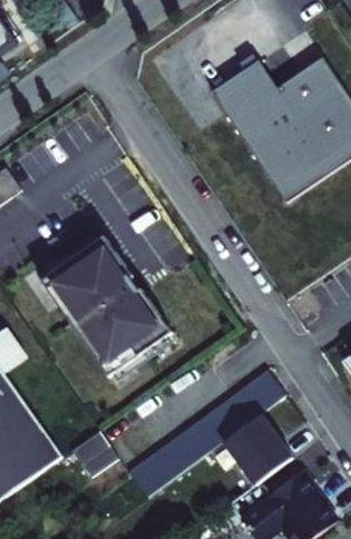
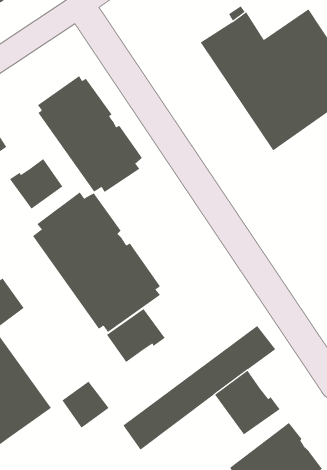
building: none -> [37,75,143,193]
building: none -> [9,158,63,209]
building: none -> [106,308,166,363]

